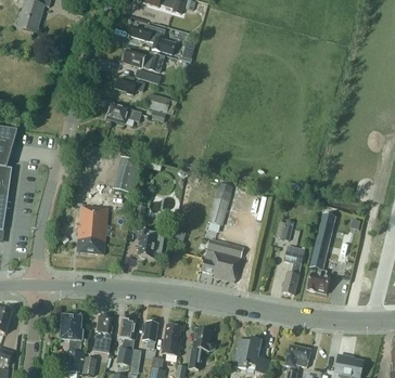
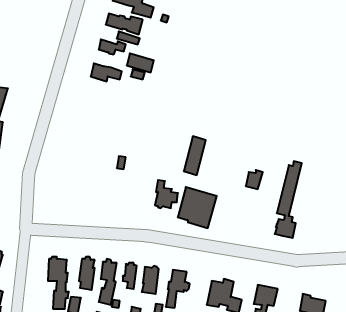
building: [111,156,140,192] -> none
building: [77,205,109,252] -> none
building: [138,227,163,258] -> [155,180,178,208]
building: [282,244,305,295] -> none

